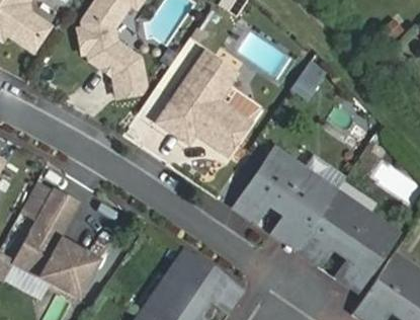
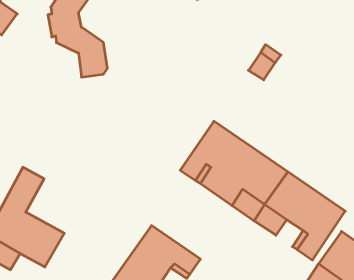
building: [157,51,250,155] -> none

